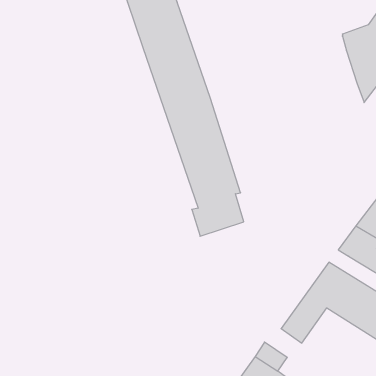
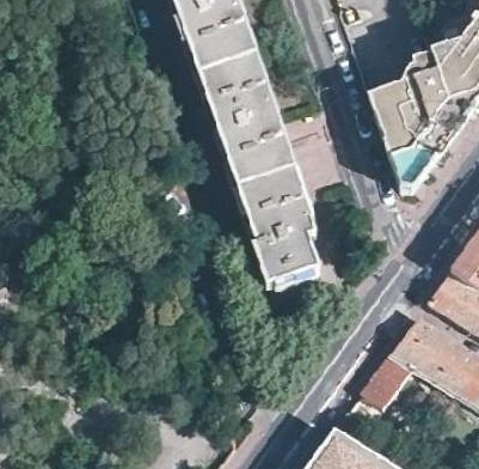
building: none -> [367,55,456,190]

